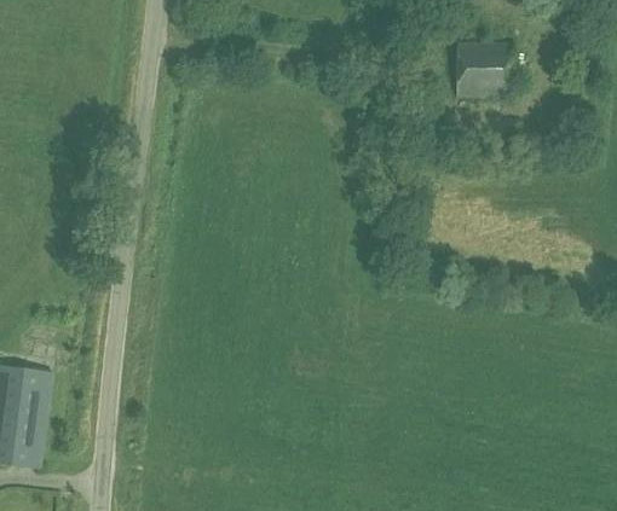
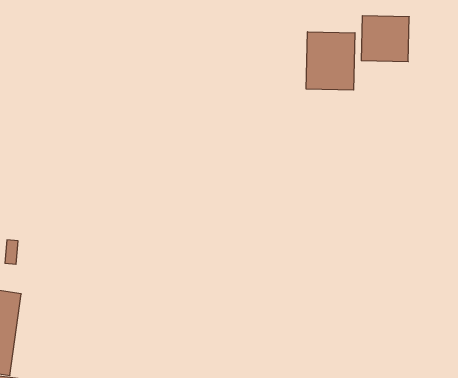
building: none -> [306,32,355,90]

